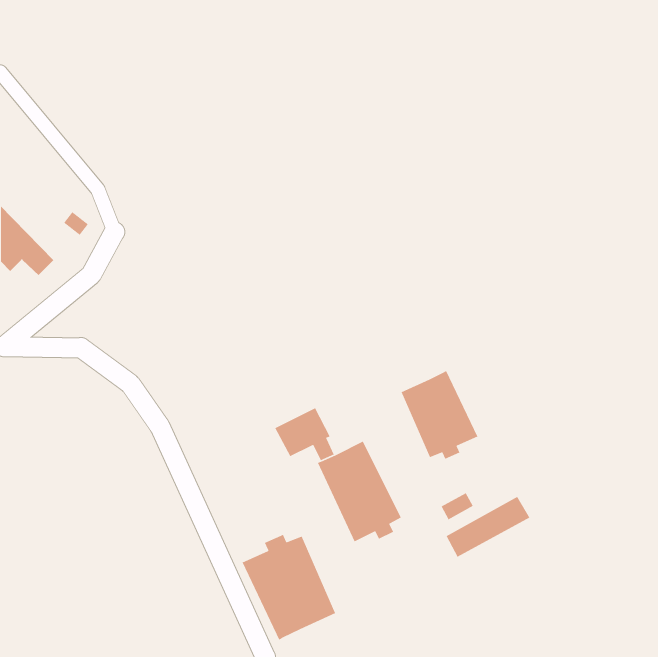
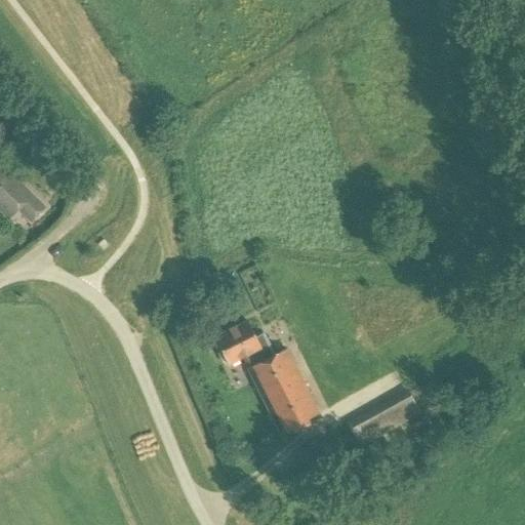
building: [400,370,478,460] -> none
building: [241,534,336,641] -> none

